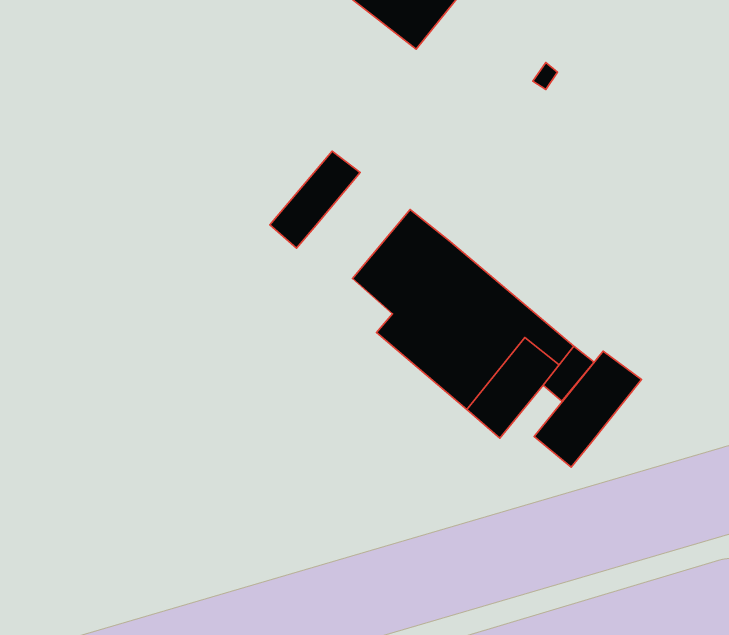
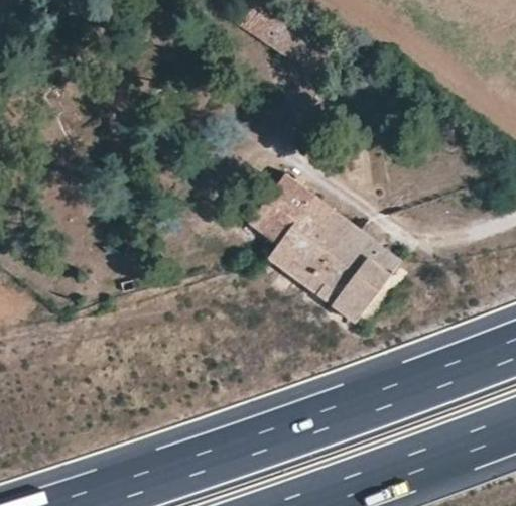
building: [270,151,360,248] -> none
building: [534,351,642,467] -> none

